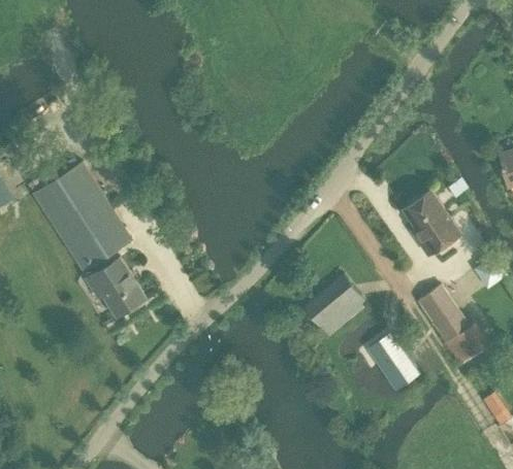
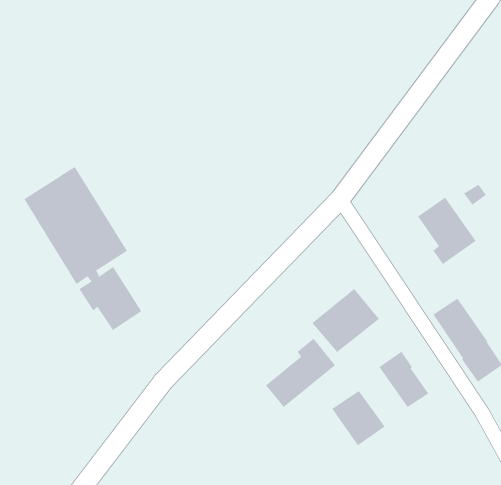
building: none -> [265,338,336,408]
building: none -> [331,390,386,446]

